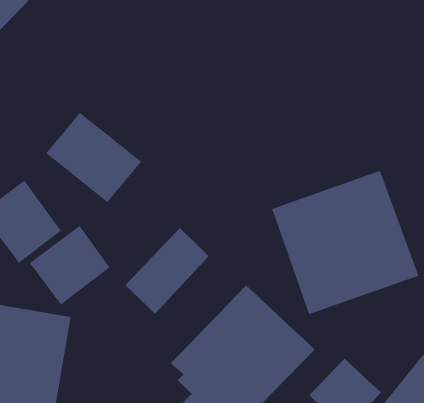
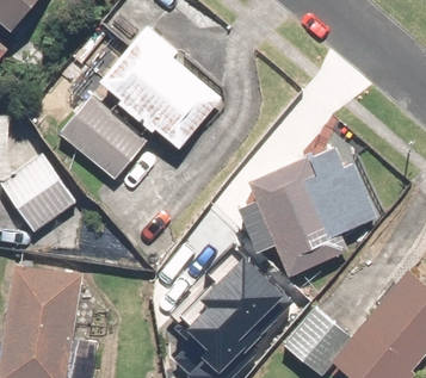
building: none -> [103,33,222,149]
building: [29,225,111,306] -> none
building: [124,227,209,314] -> none

